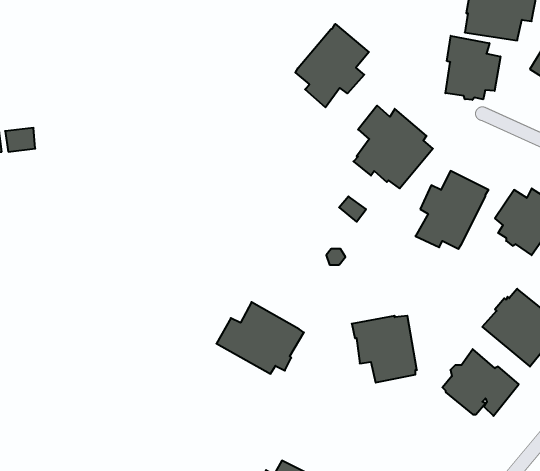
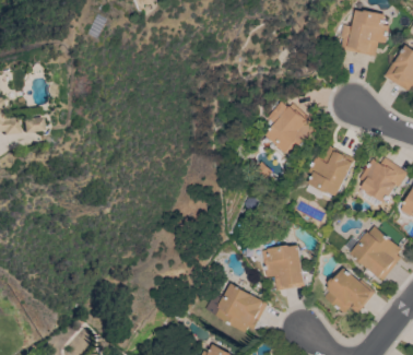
building: [295,24,369,107] -> none
building: [445,36,500,100] -> none
building: [216,302,304,374] -> [206,283,267,332]

